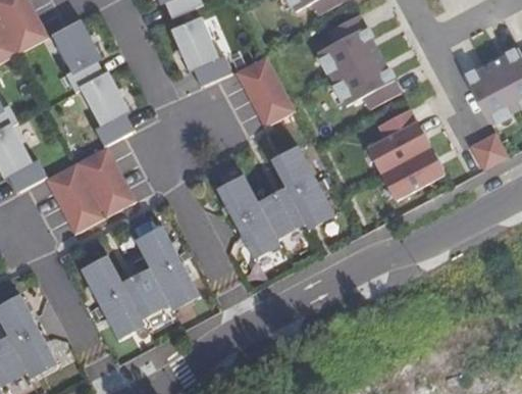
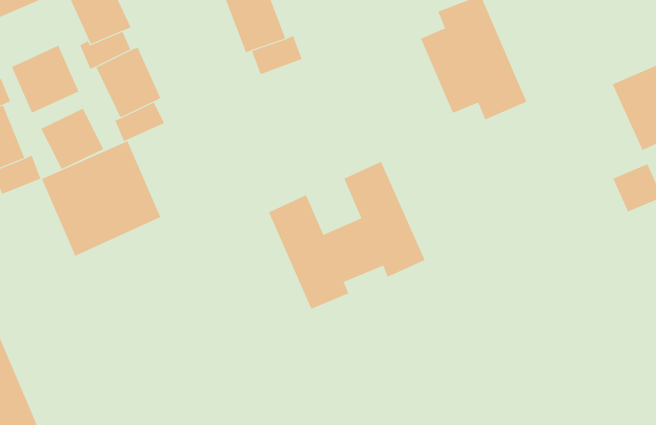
building: [237,55,296,126] -> none
building: none -> [11,45,79,114]
building: [368,106,446,198] -> none
building: none -> [41,108,104,170]
building: [79,227,199,340] -> none

